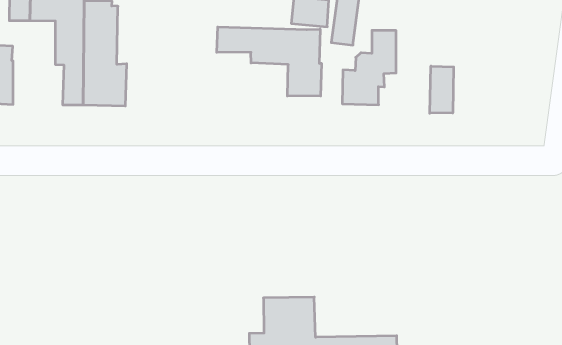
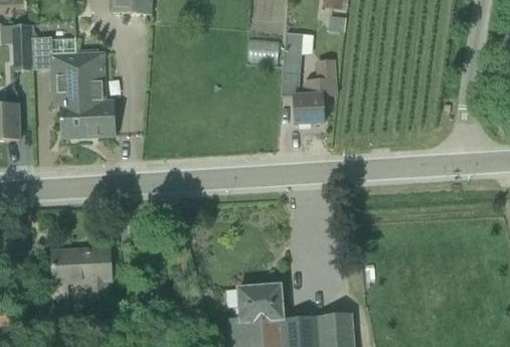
building: [217,27,321,96] -> none
building: [430,66,454,113] -> none
building: none -> [46,247,112,299]

